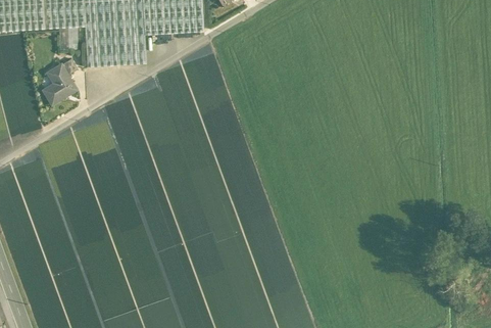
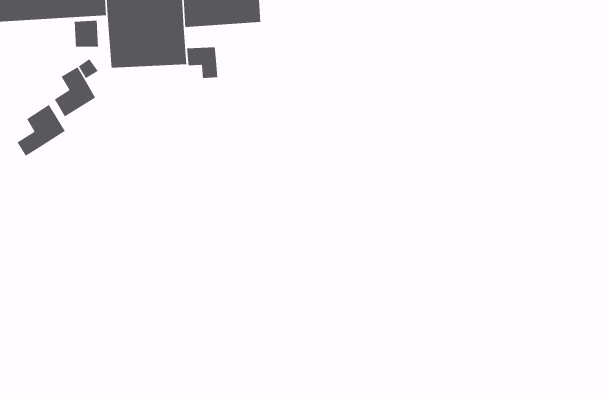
building: none -> [186,46,218,79]
building: none -> [17,104,66,157]

